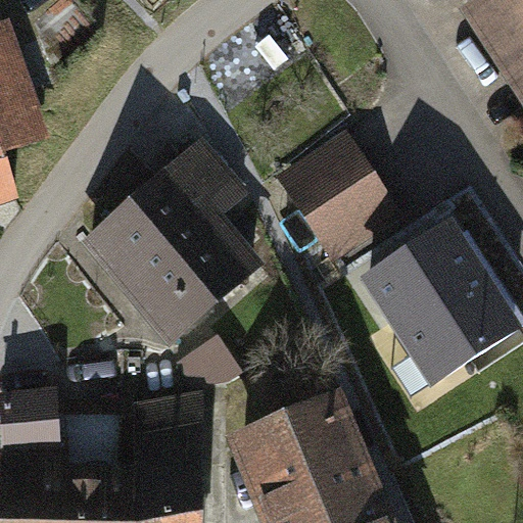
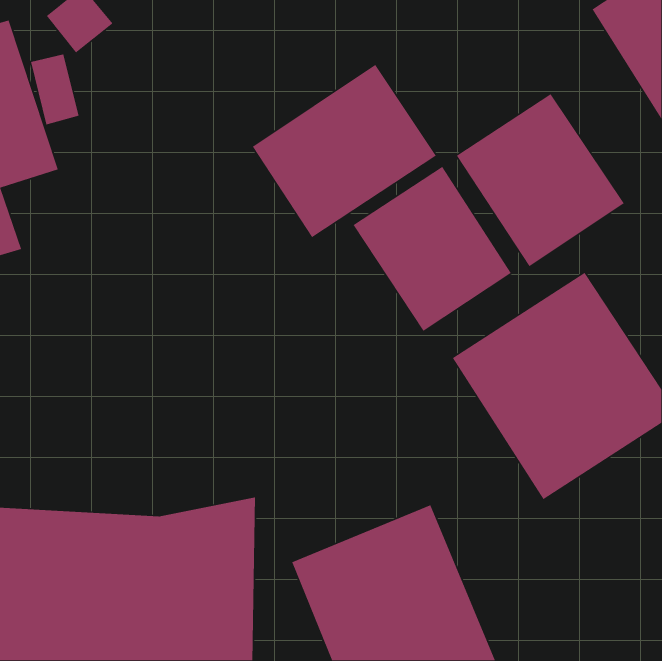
building: none -> [252,64,437,238]
building: none -> [456,93,625,267]
building: [77,139,265,345] -> none

